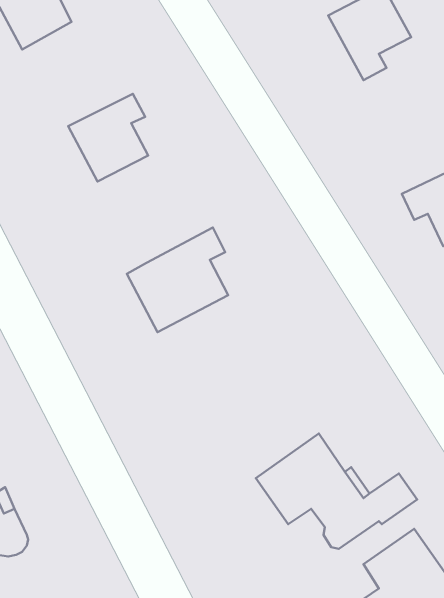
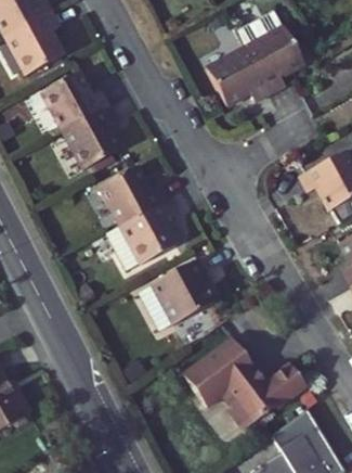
building: none -> [205,49,269,106]
building: none -> [40,69,106,127]
building: none -> [96,167,162,223]
building: none -> [133,259,209,331]

